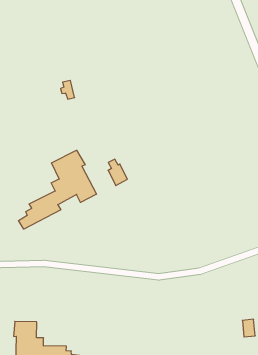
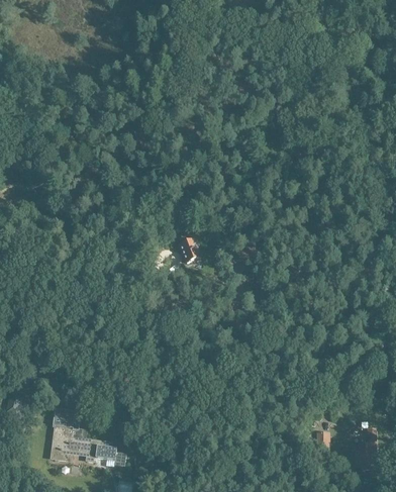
building: [18,150,96,229] -> none

